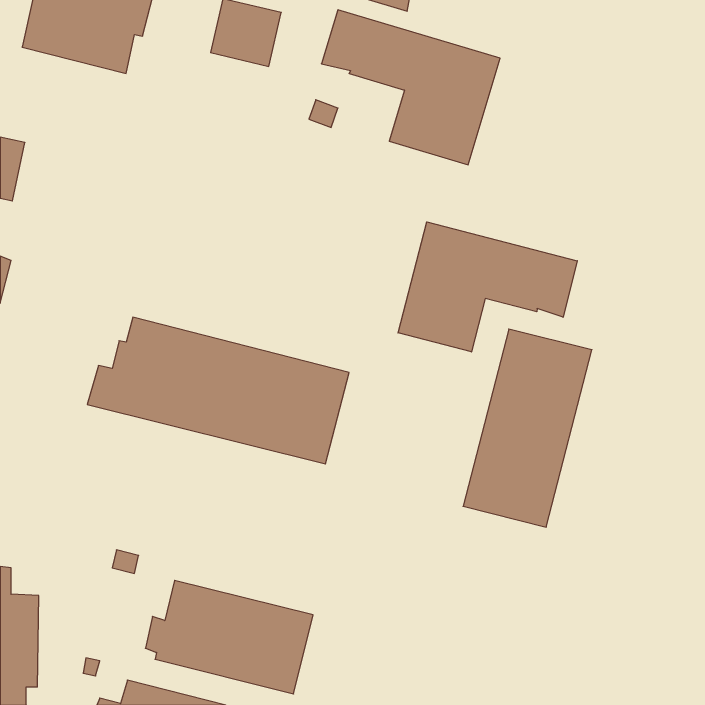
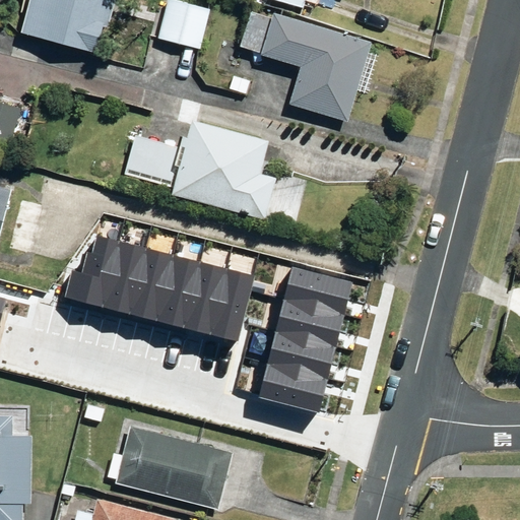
building: none -> [123,121,274,219]
building: [398,222,577,352] -> none
building: [463,329,592,527] -> [261,265,355,410]

